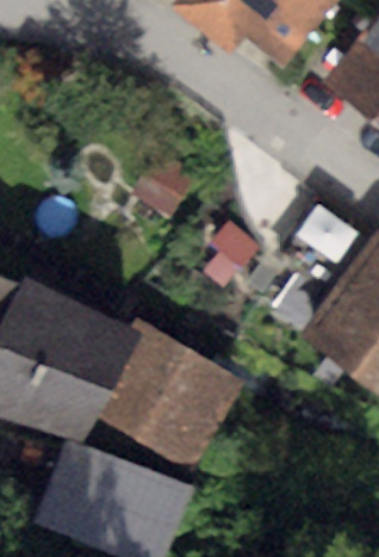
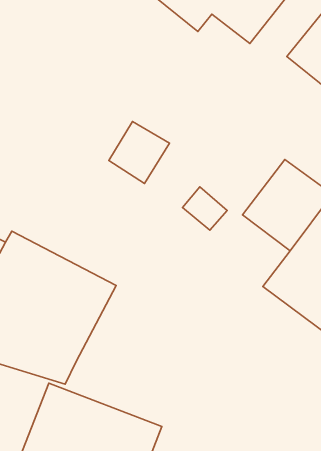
building: [95,323,241,471] -> none

